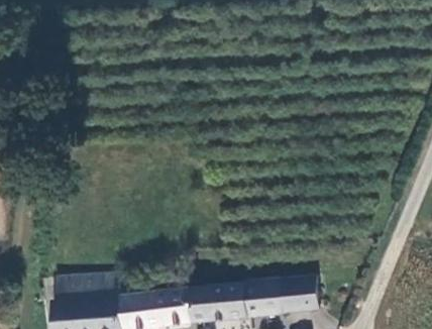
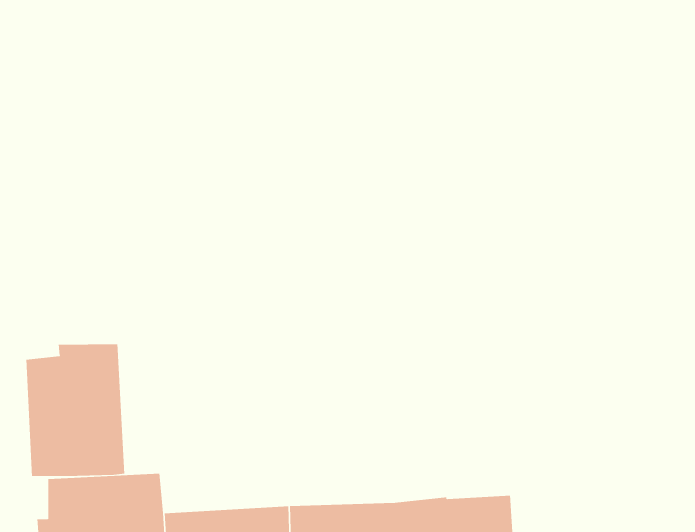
building: none -> [26,343,125,477]

